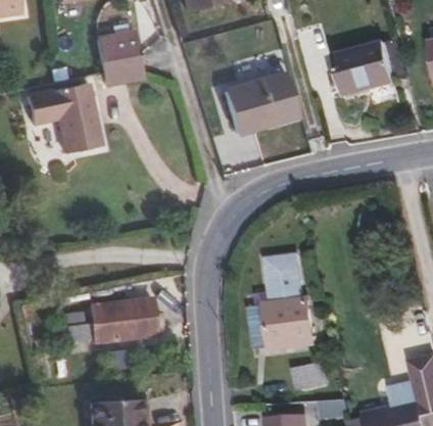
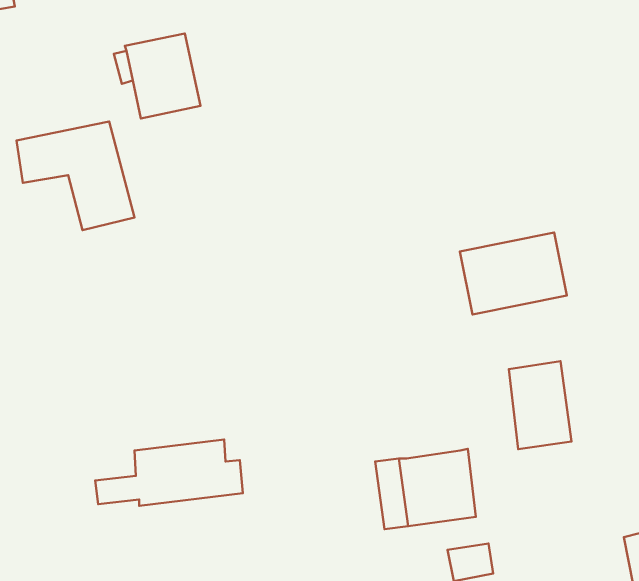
building: [341,53,397,99] -> none
building: [226,81,295,134] -> [460,233,567,314]
building: [261,250,302,307] -> [509,361,572,449]

